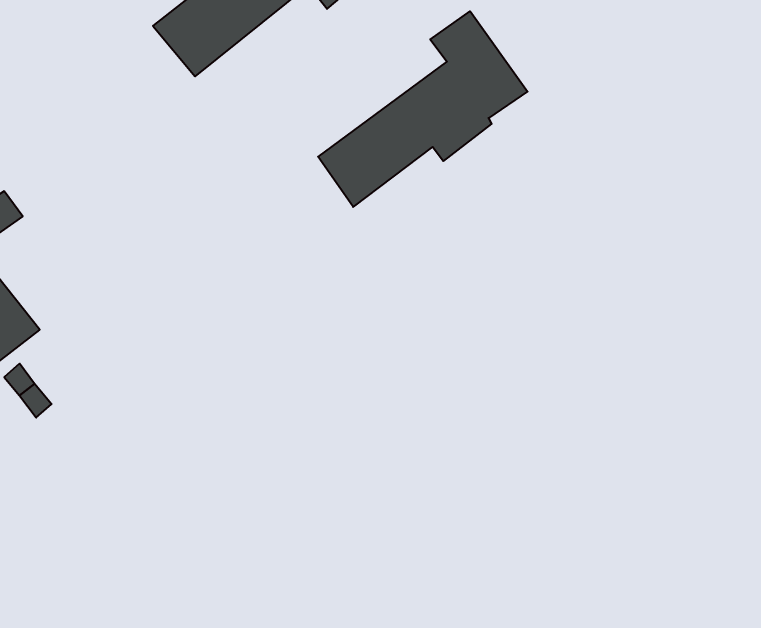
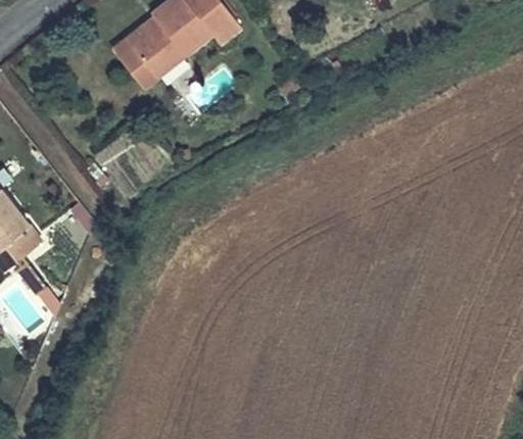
building: [318,11,528,207] -> none

